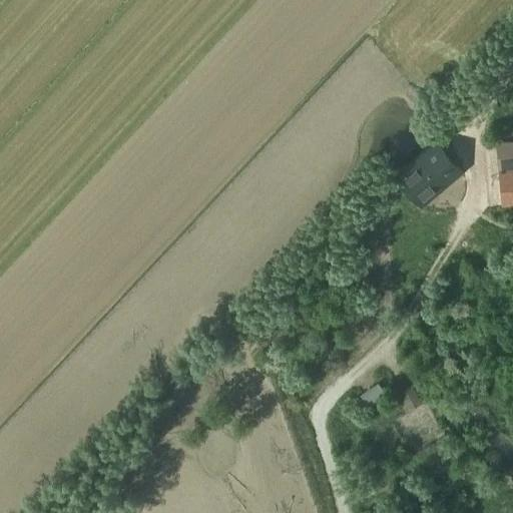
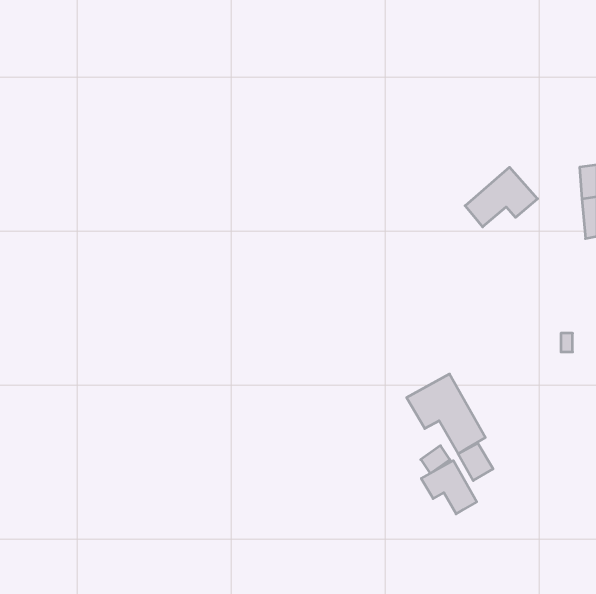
building: none -> [407,374,485,454]
building: none -> [421,461,477,514]

